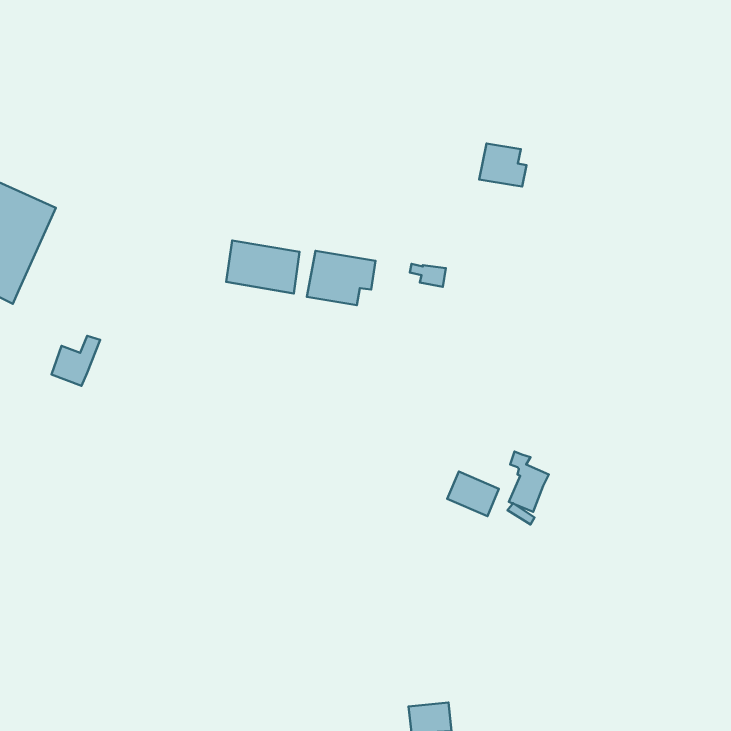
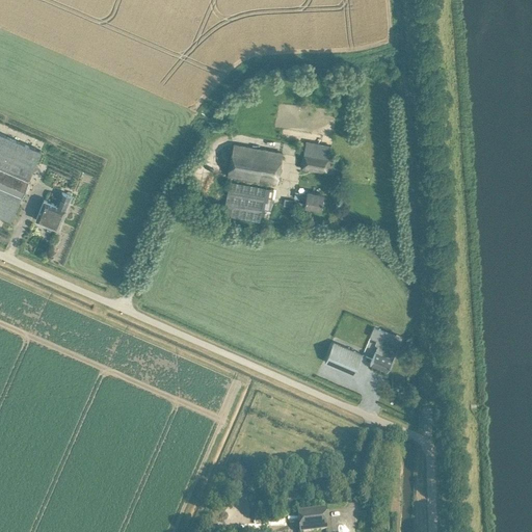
building: [479,144,527,187] -> [300,142,335,174]
building: [226,240,299,293] -> [228,145,281,184]
building: [51,336,100,386] -> [35,193,71,230]

